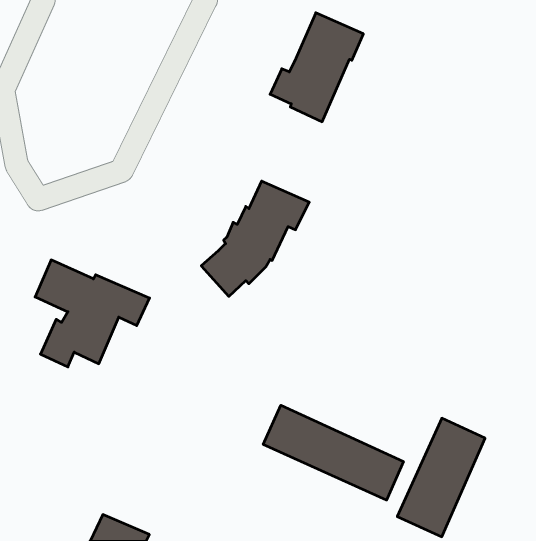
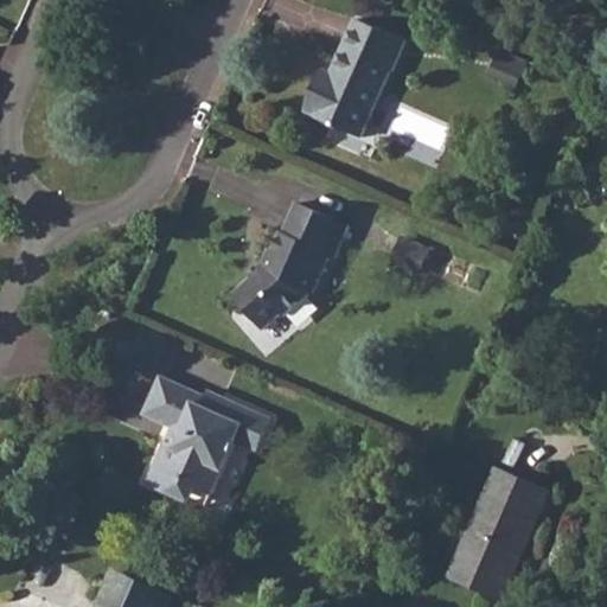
building: [35,260,150,367] -> [140,378,268,498]
building: [263,405,403,500] -> none

